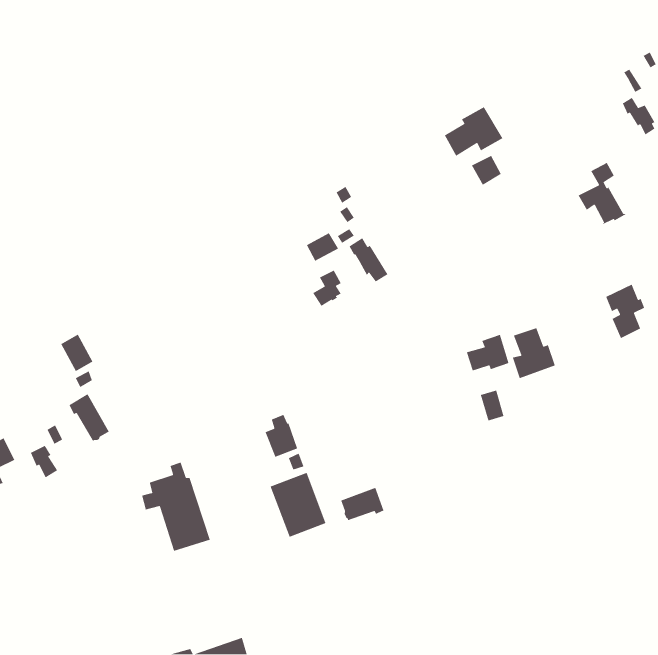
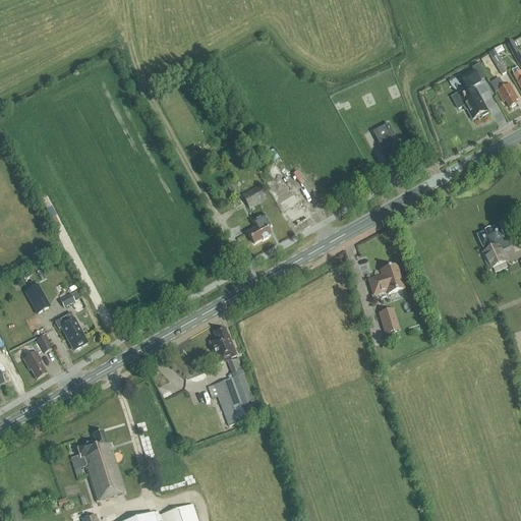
building: [444,106,503,157] -> none
building: [577,162,626,225] -> [451,68,489,118]
building: [512,327,556,379] -> none
building: [60,333,94,372] -> [23,283,50,313]
building: [141,462,211,552] -> [70,429,125,501]
building: [340,487,384,521] -> none

